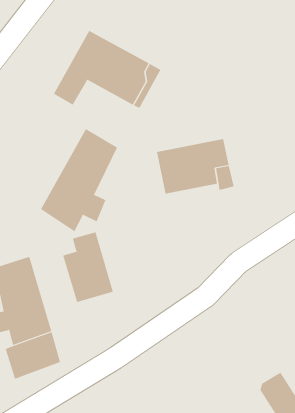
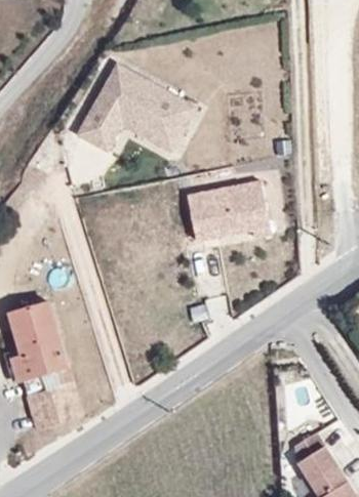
building: [40,128,118,232] -> none
building: [63,232,114,303] -> none

